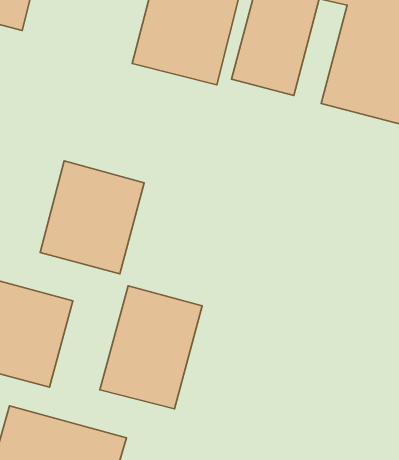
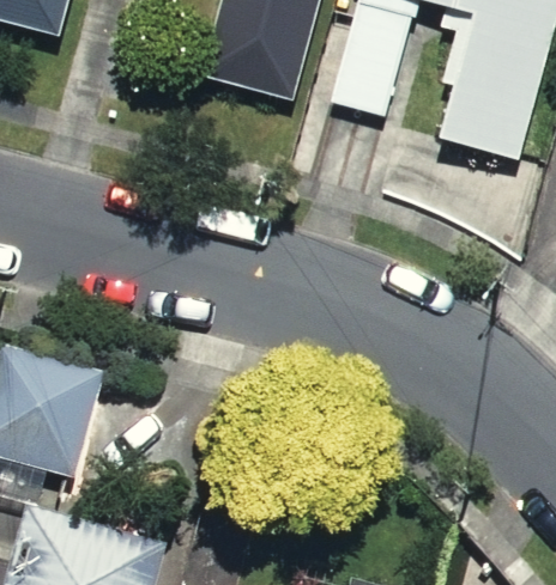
building: [40,161,144,274] -> none
building: [100,286,202,409] -> none

